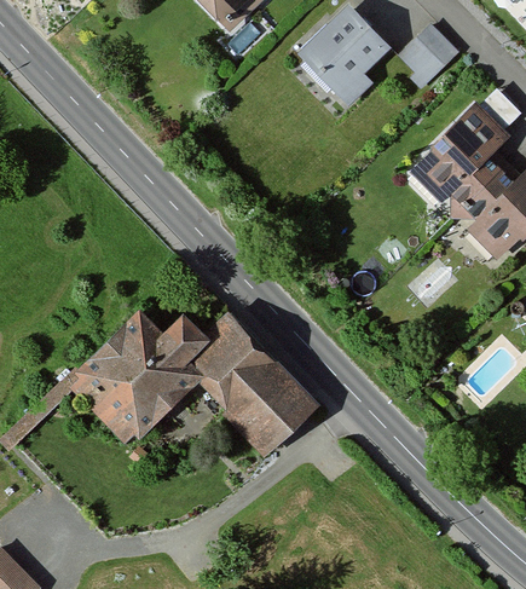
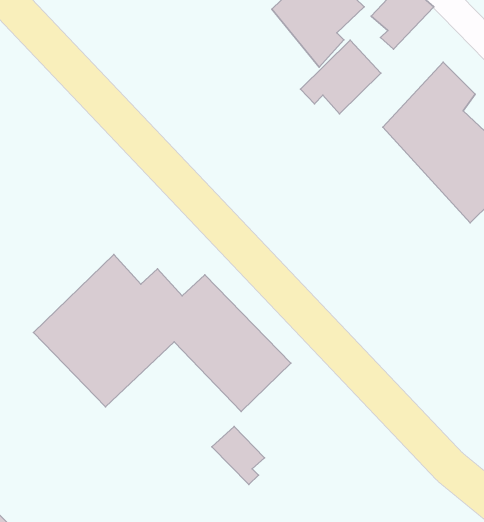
building: none -> [301,40,381,114]
building: none -> [212,427,265,485]

